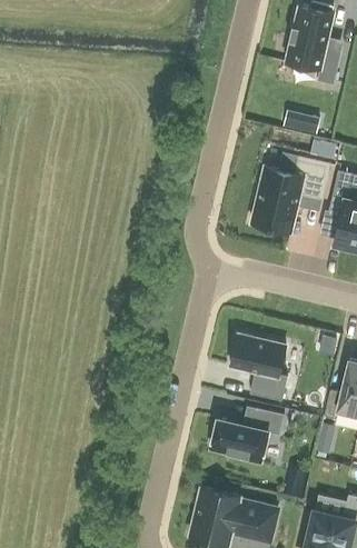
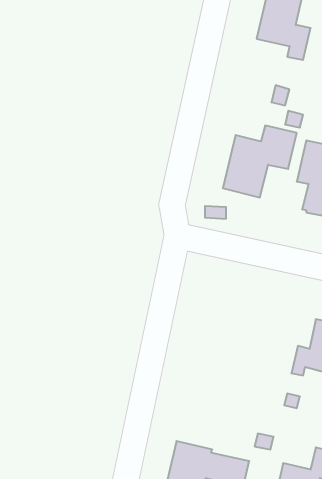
building: [230,332,288,393] -> none
building: [209,411,281,467] -> none

